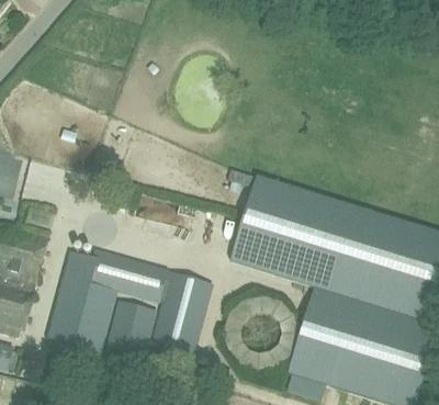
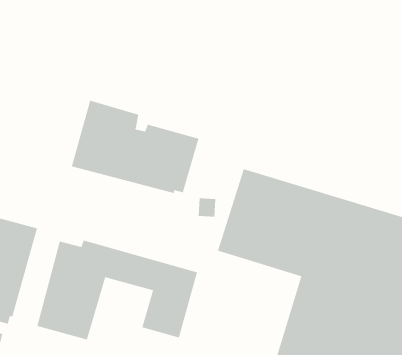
building: none -> [71,100,199,194]
building: [105,299,155,353] -> none

